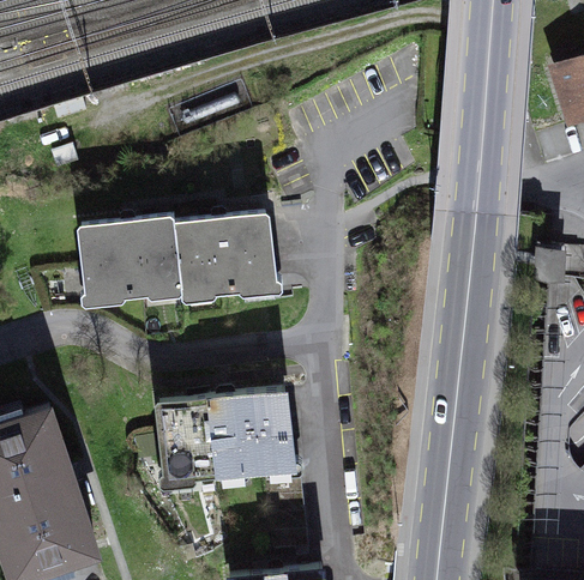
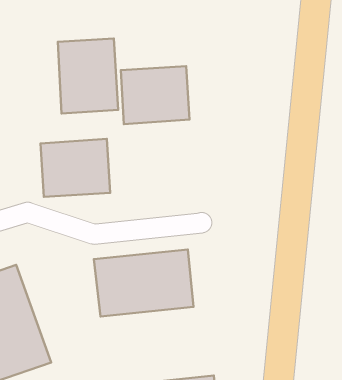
building: none -> [58,39,118,113]
building: [175,215,277,301] -> [121,66,189,124]

